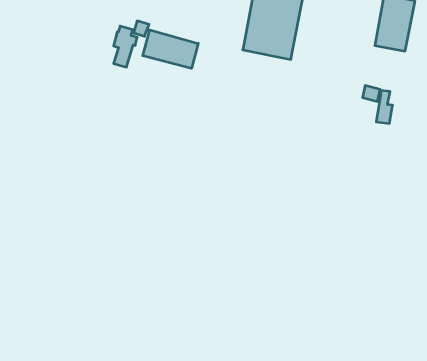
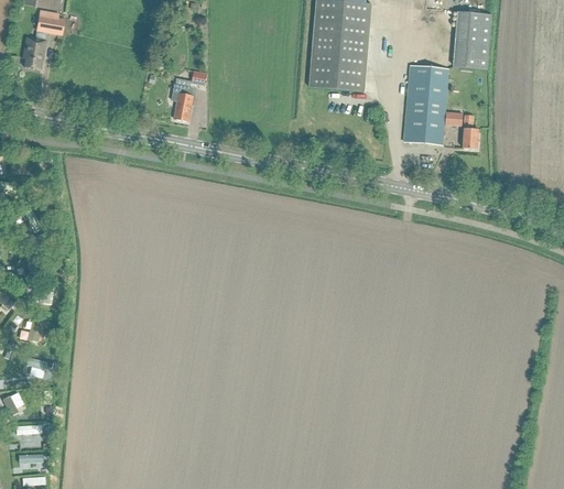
building: [143,30,198,68] -> none
building: none -> [403,64,447,144]

